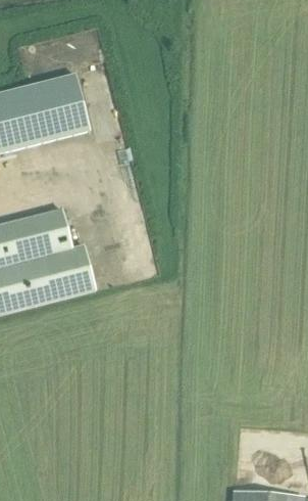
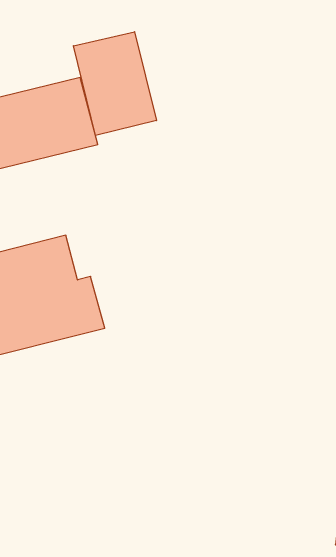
building: none -> [73,32,156,135]

